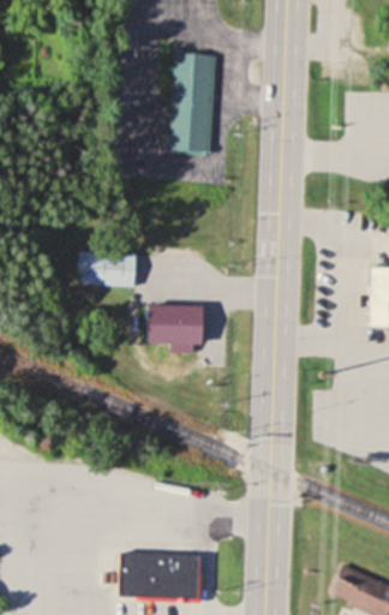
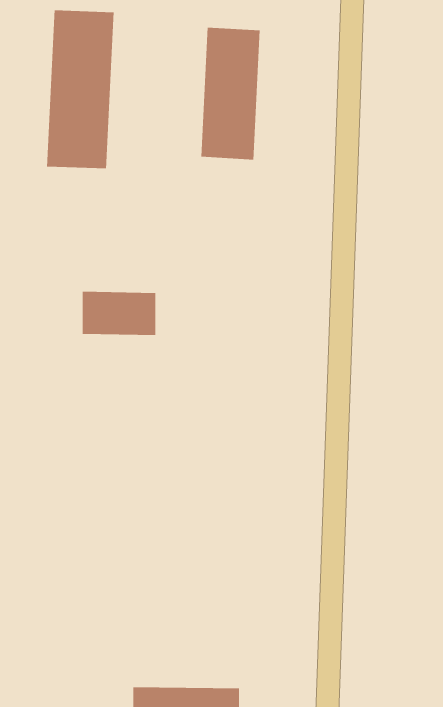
building: none -> [46,9,114,169]
building: [150,306,204,353] -> none

